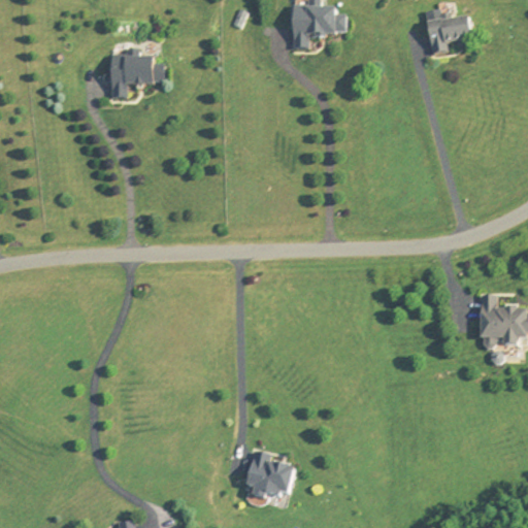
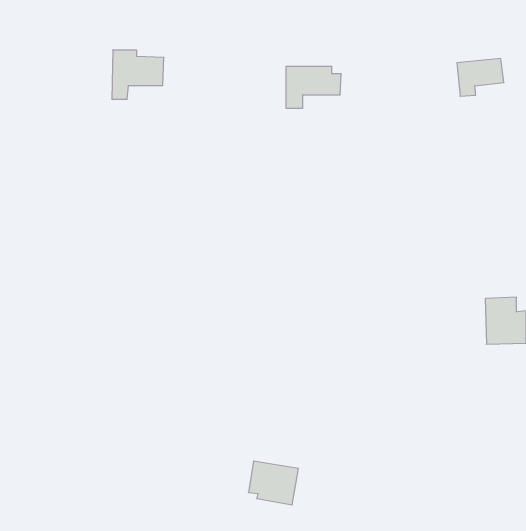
building: [292,7,346,48] -> [286,67,341,108]
building: [427,16,473,54] -> [457,59,504,96]

